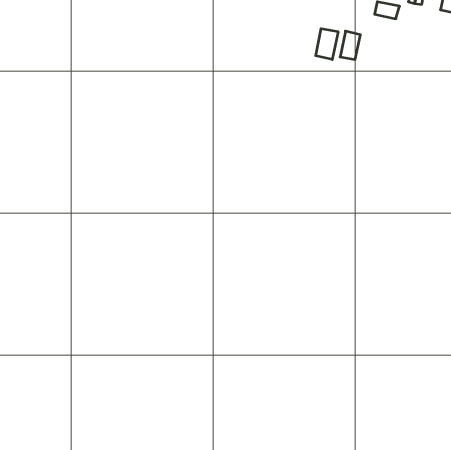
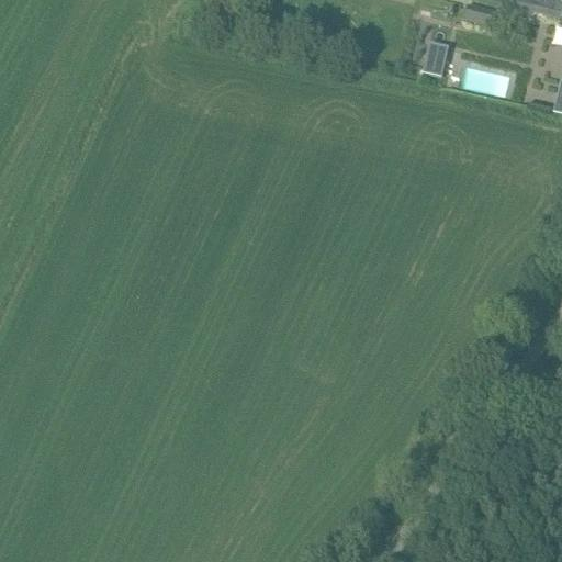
building: [316,29,338,60] -> none

